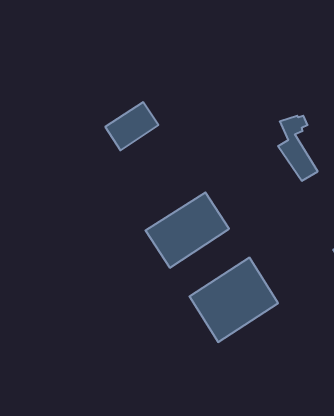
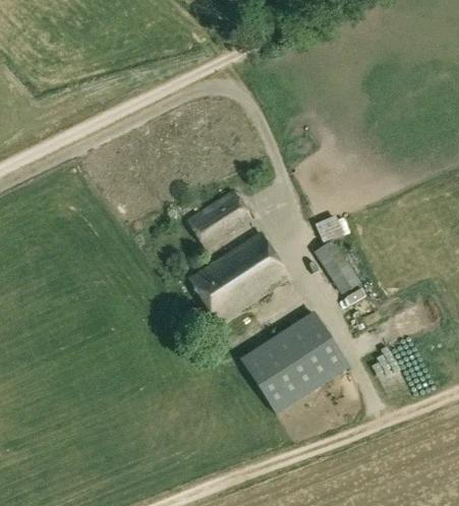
building: [105,102,158,150] -> [187,191,251,249]
building: [278,116,318,181] -> [313,216,361,294]

